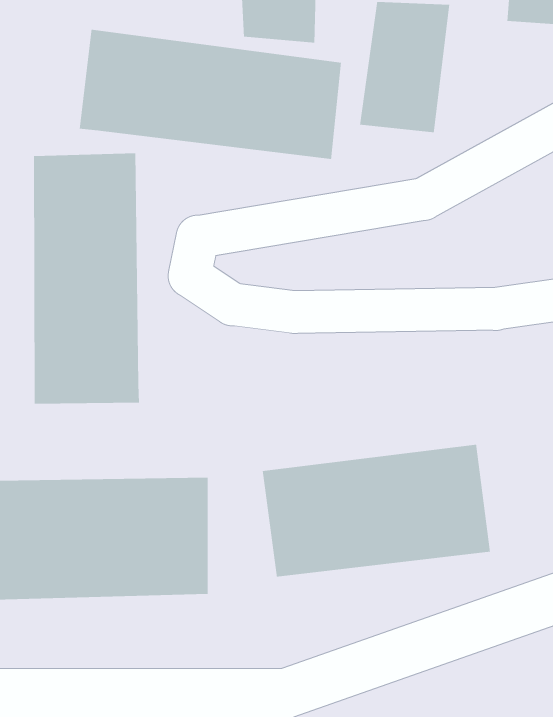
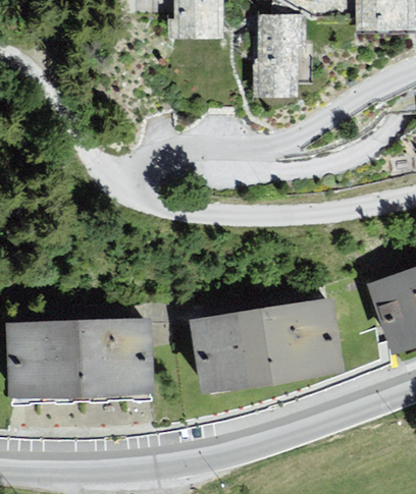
building: [79,29,342,160] -> none
building: [33,152,140,405] -> none

